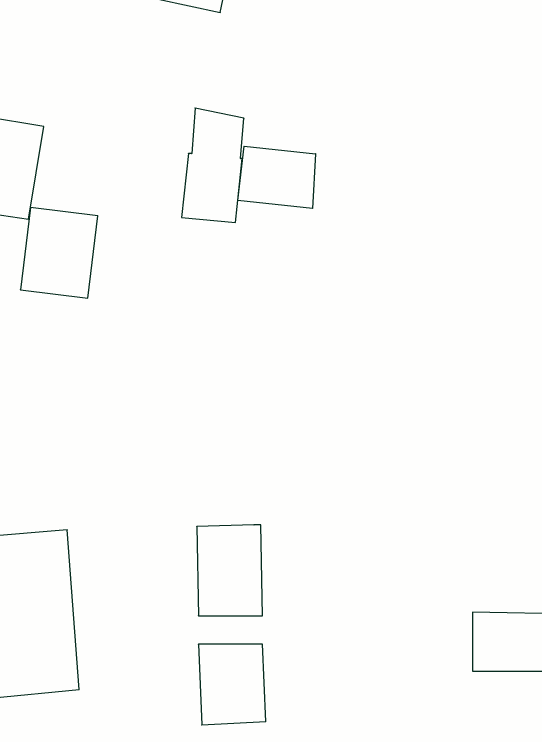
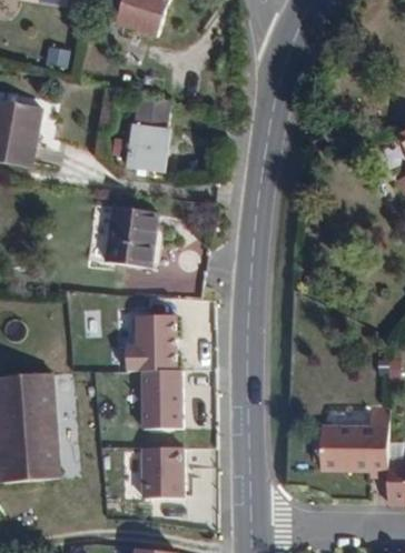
building: [238,146,316,208] -> none
building: [20,207,98,298] -> [113,212,165,272]
building: none -> [125,312,177,371]

